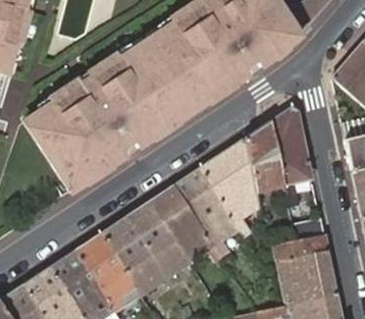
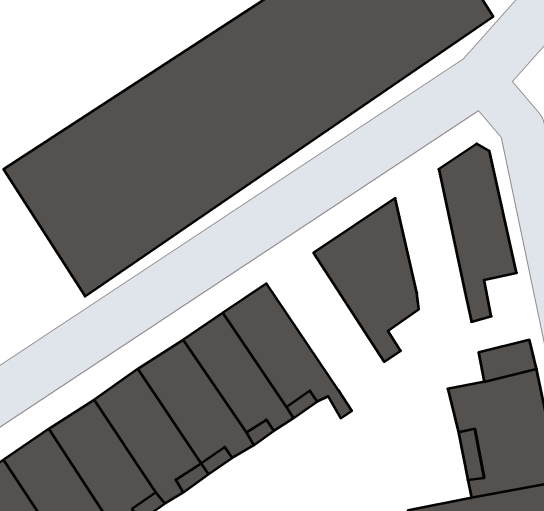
building: [246,121,285,195] -> none
building: [173,168,240,246] -> none

